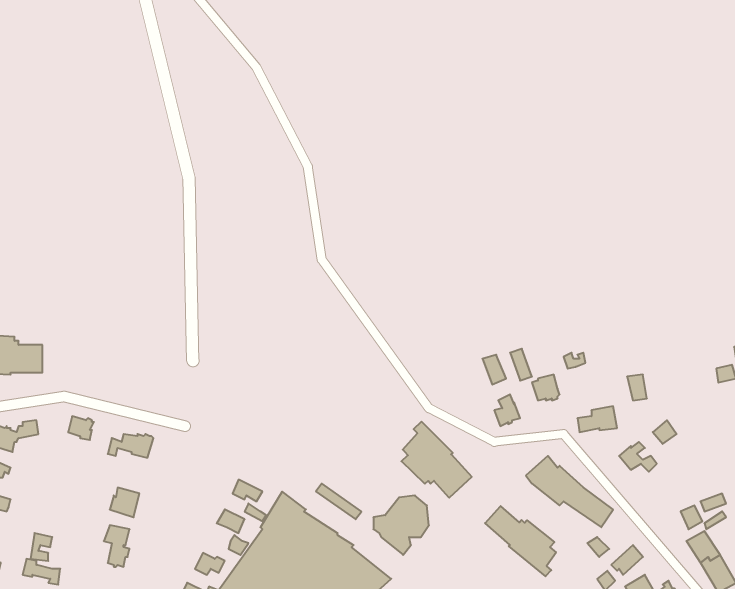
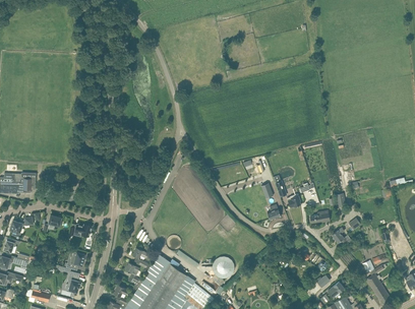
building: [401,422,472,498] -> none
building: [485,506,556,576] -> none

